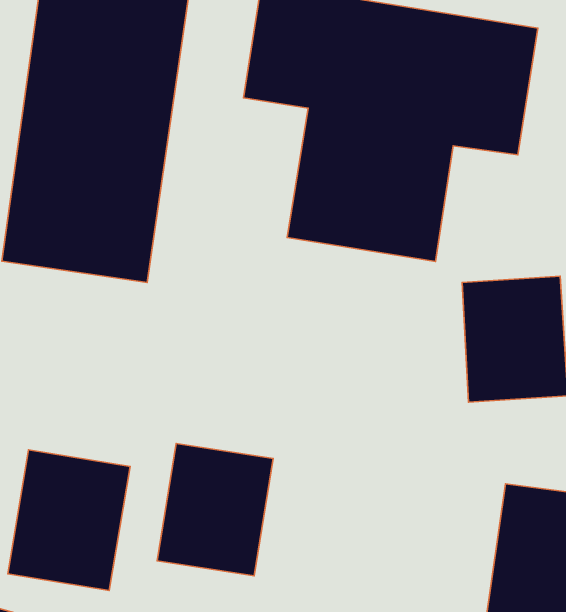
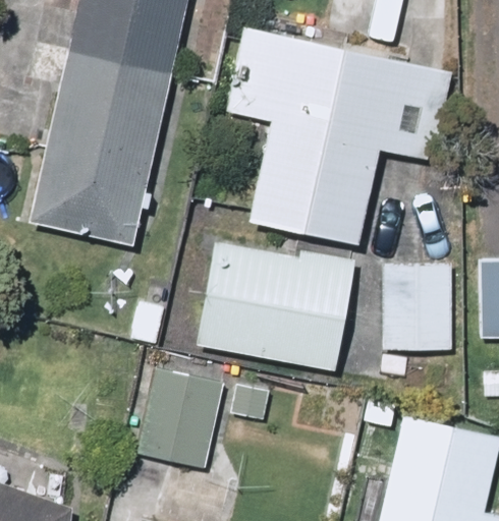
building: none -> [195,237,356,369]
building: [8,450,130,590] -> none

